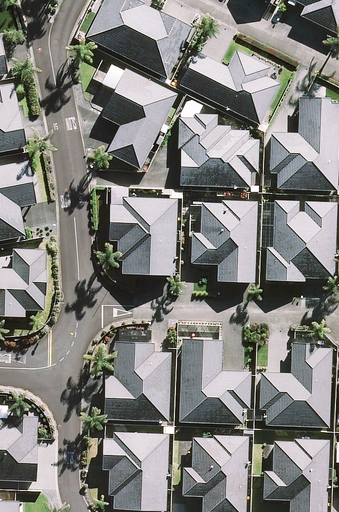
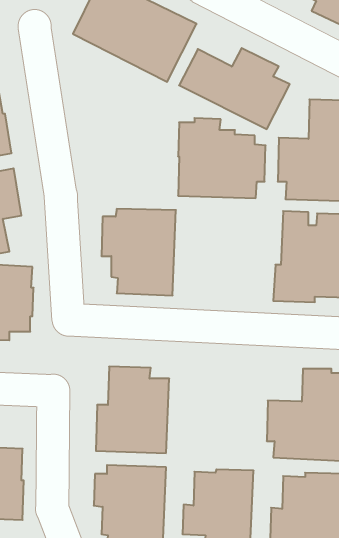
building: [102,69,177,169] -> none
building: [192,201,256,283] -> none
building: [179,339,250,423] -> none

